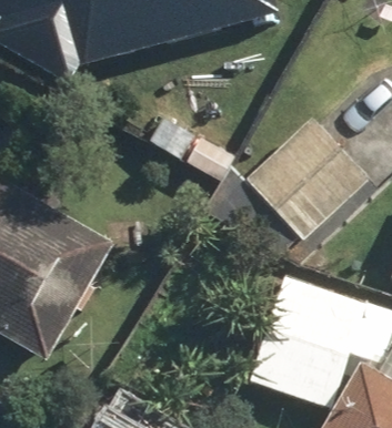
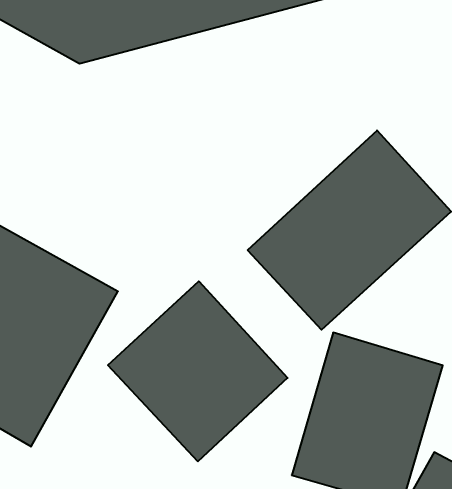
building: none -> [108,281,288,461]

